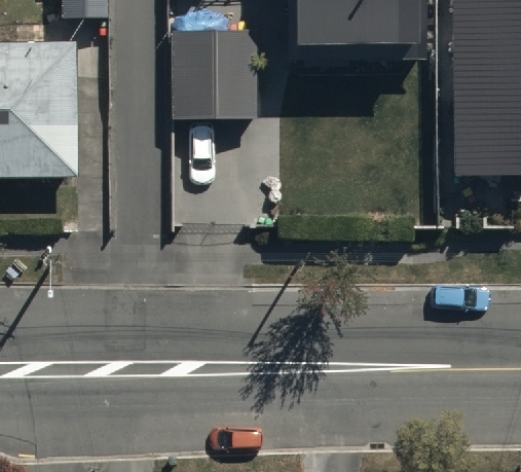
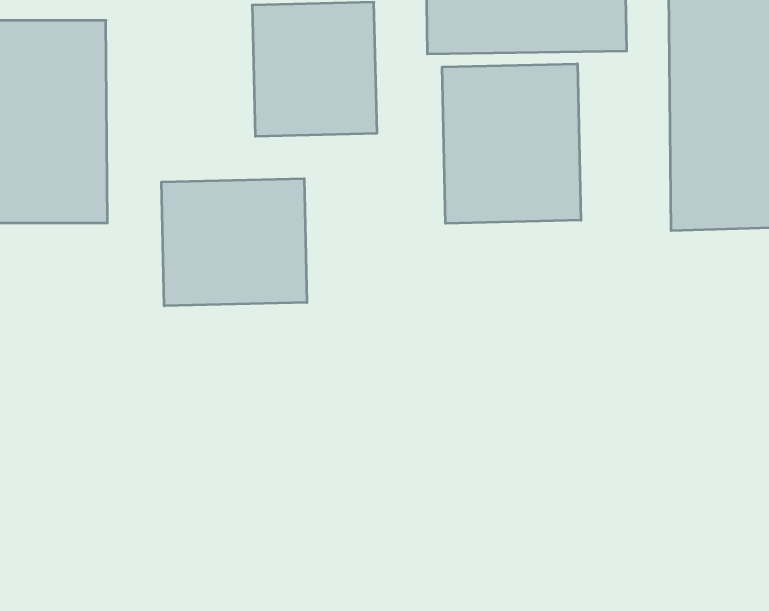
building: none -> [442,64,581,223]
building: none -> [162,179,307,306]

